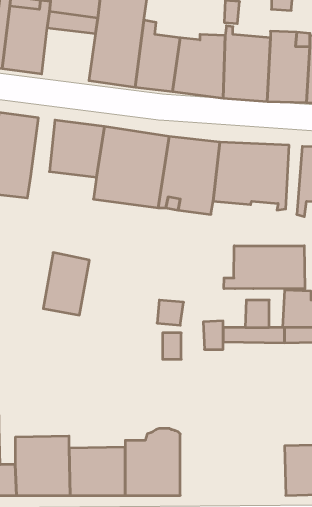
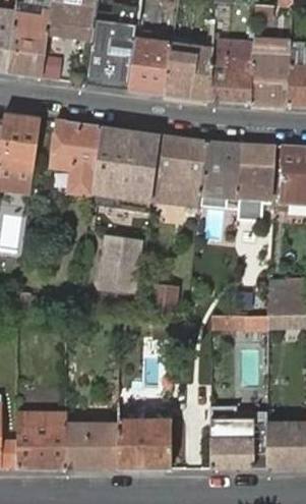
building: [224,246,305,289] -> none
building: [43,253,89,315] -> [95,236,137,294]
building: none -> [210,411,267,468]

